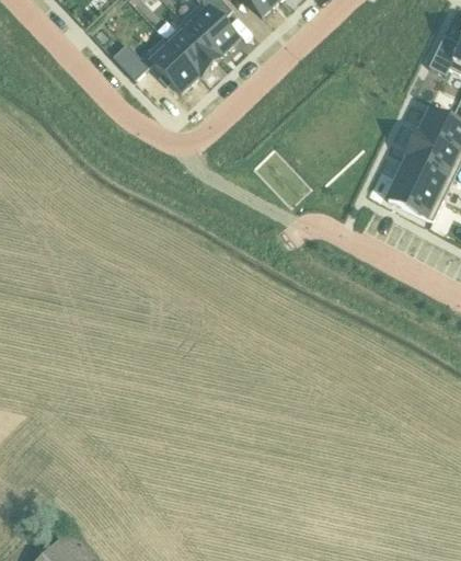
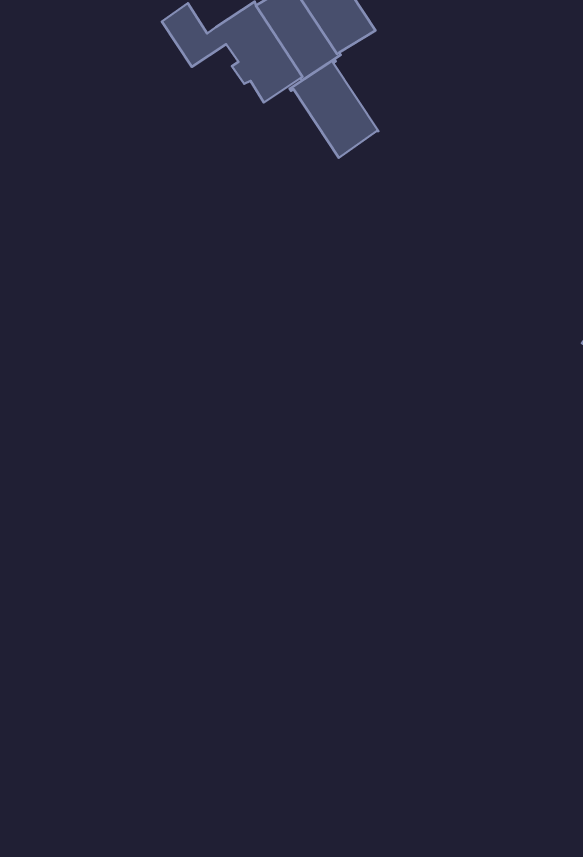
building: none -> [289,59,379,158]

